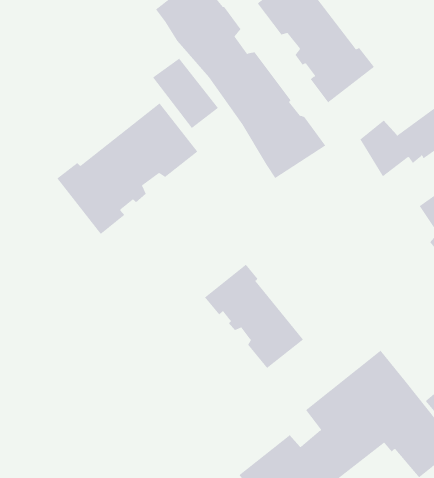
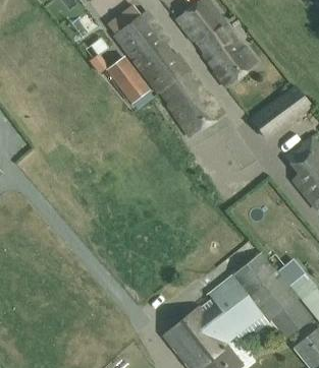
building: [57,102,198,235] -> none
building: [204,264,304,369] -> none

